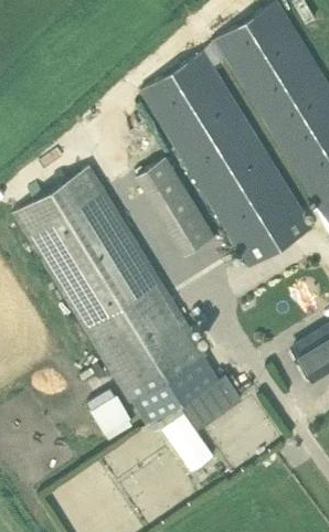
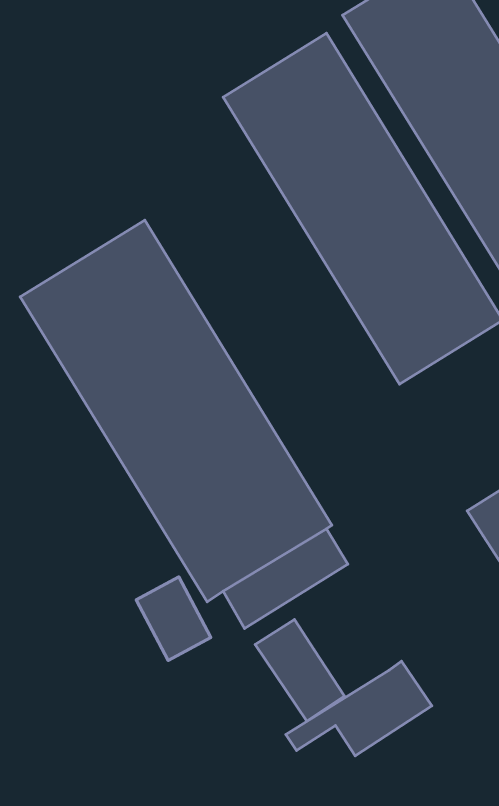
building: [136,158,215,256] -> none
building: [153,374,244,433] -> [286,661,432,756]

